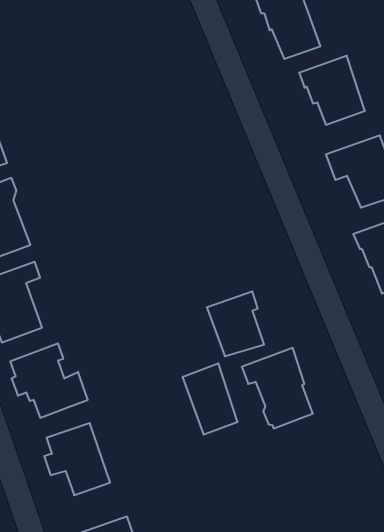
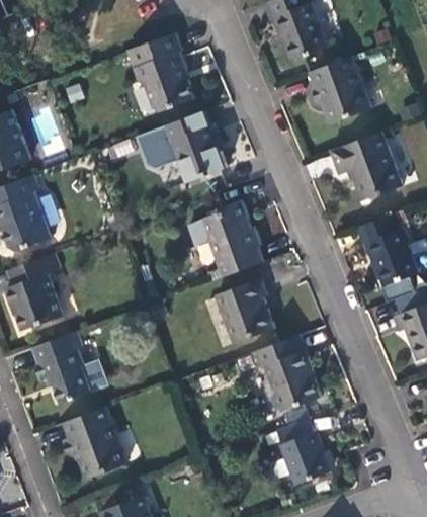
building: none -> [126,32,192,109]
building: none -> [134,110,223,181]
building: none -> [202,201,261,277]
building: [182,363,238,435] -> [274,417,327,485]

